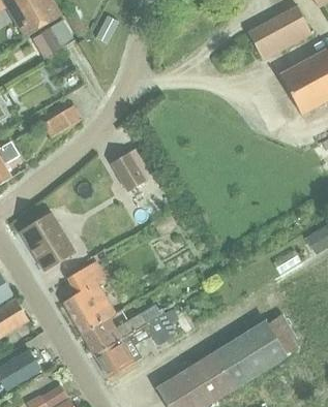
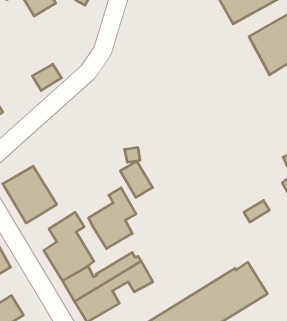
building: [111,154,145,192] -> [120,161,153,197]
building: none -> [89,188,136,249]

